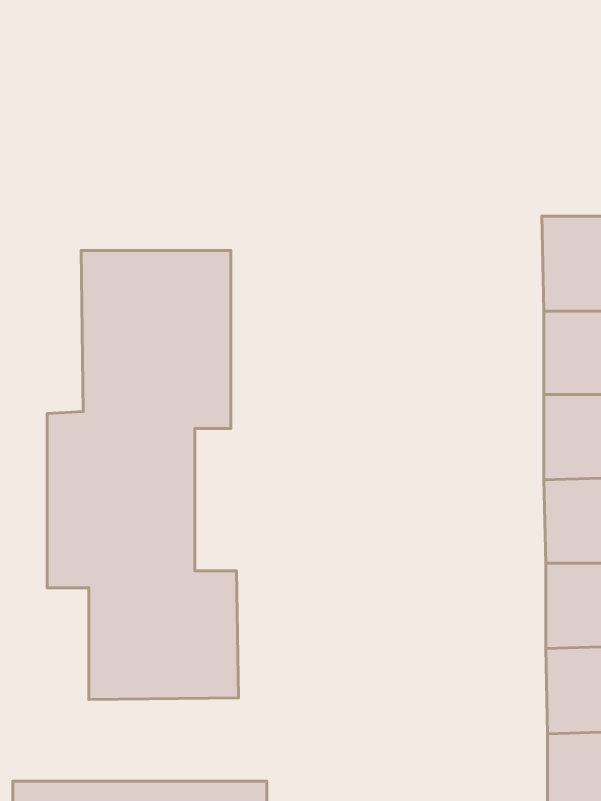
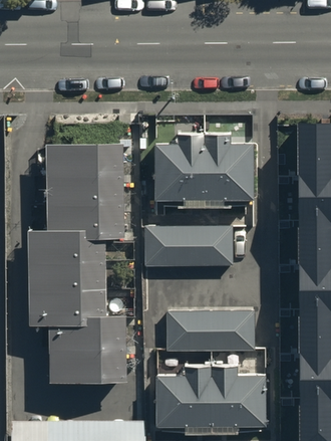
building: none -> [156,143,253,203]
building: none -> [150,226,236,268]
building: none -> [170,309,253,351]
building: none -> [160,373,268,428]

